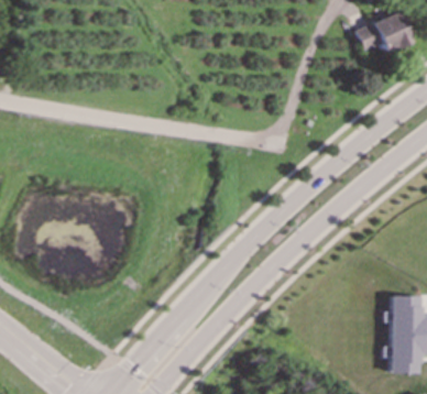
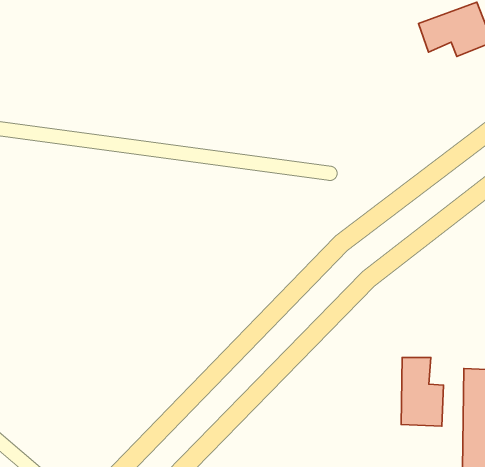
building: none -> [401,358,444,426]

